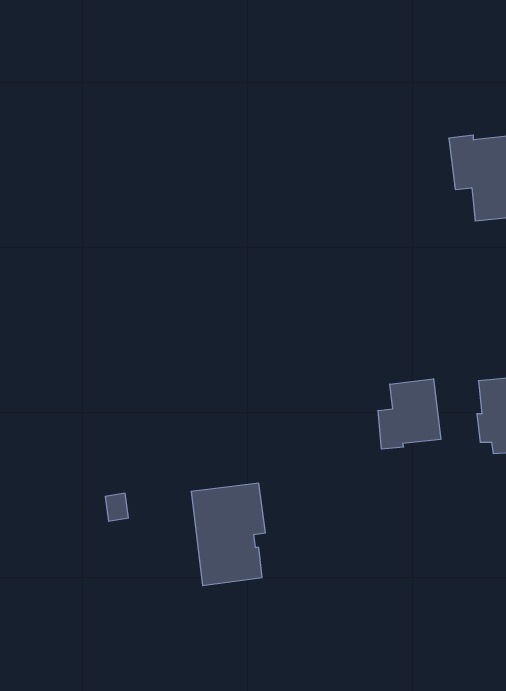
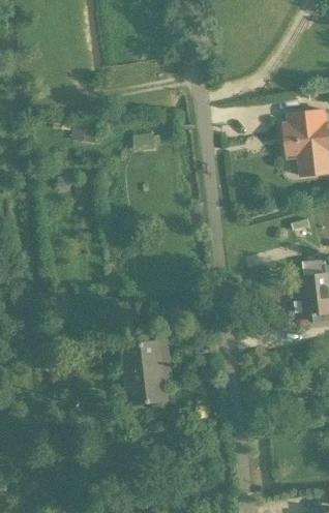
building: [378,379,441,449] -> none

